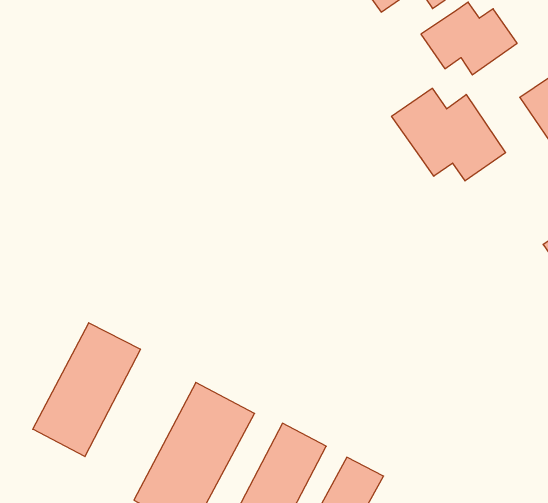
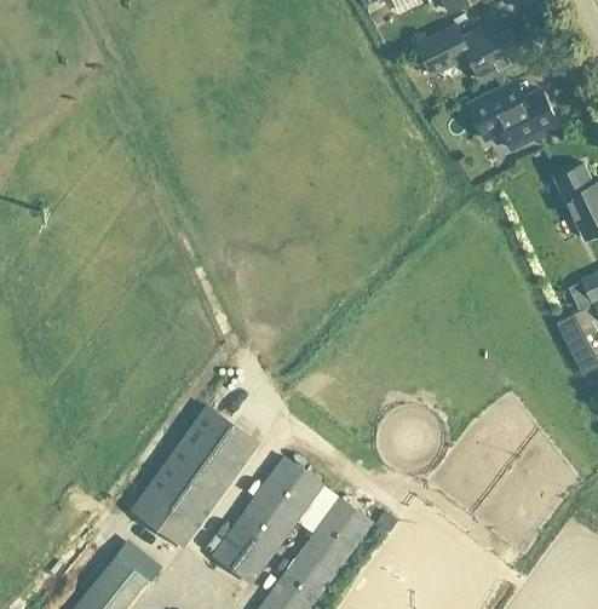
building: [392,88,506,181] -> none
building: [33,323,140,457] -> none

